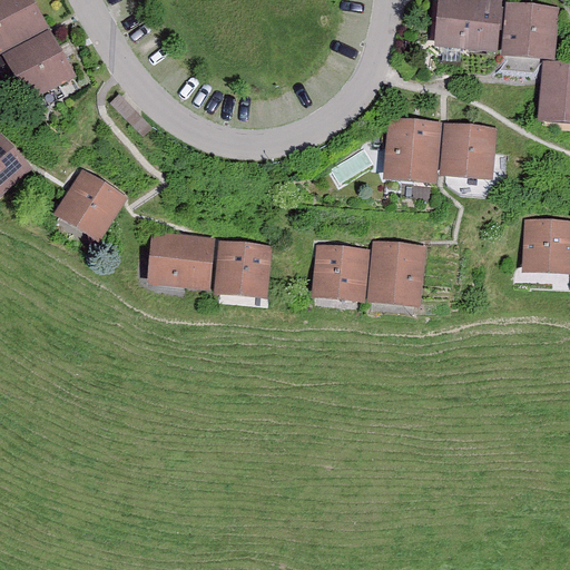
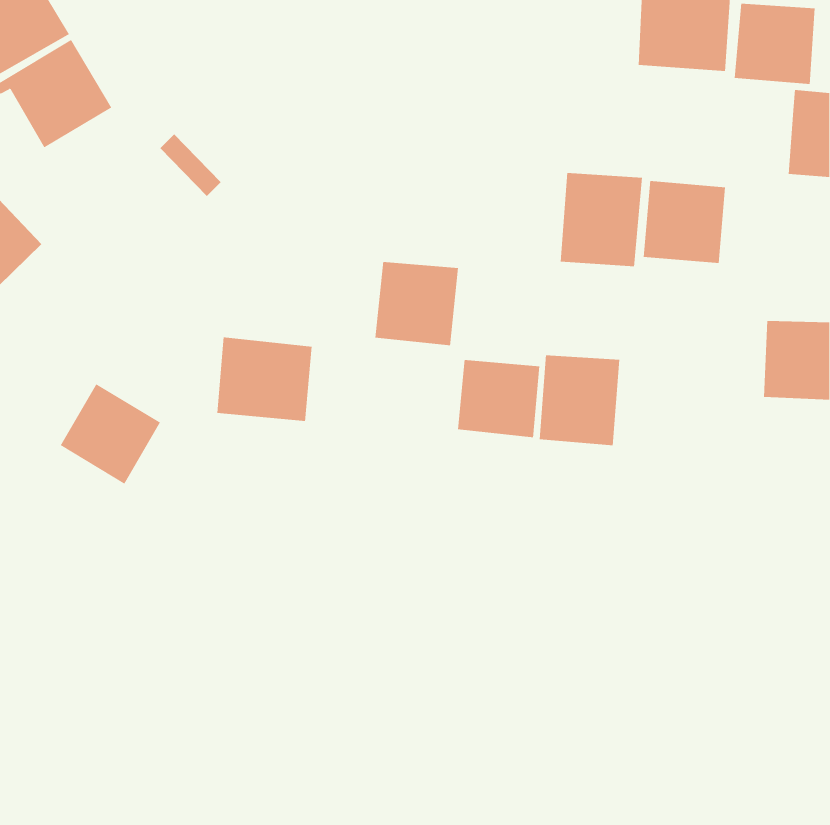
building: [56,171,125,240] -> [60,383,161,484]
building: [214,239,272,297] -> [374,261,459,346]

